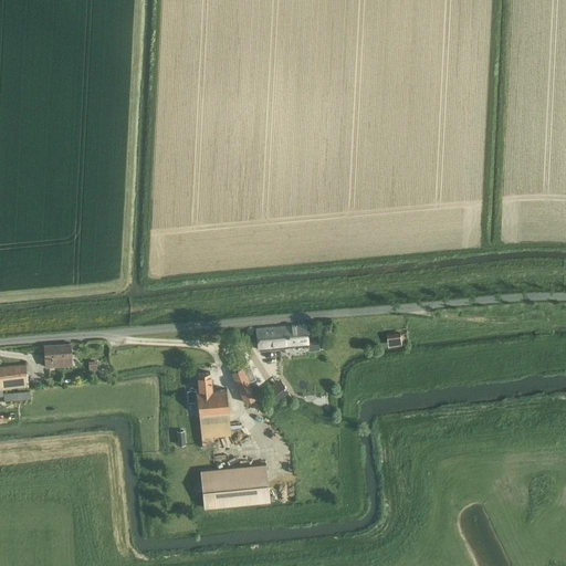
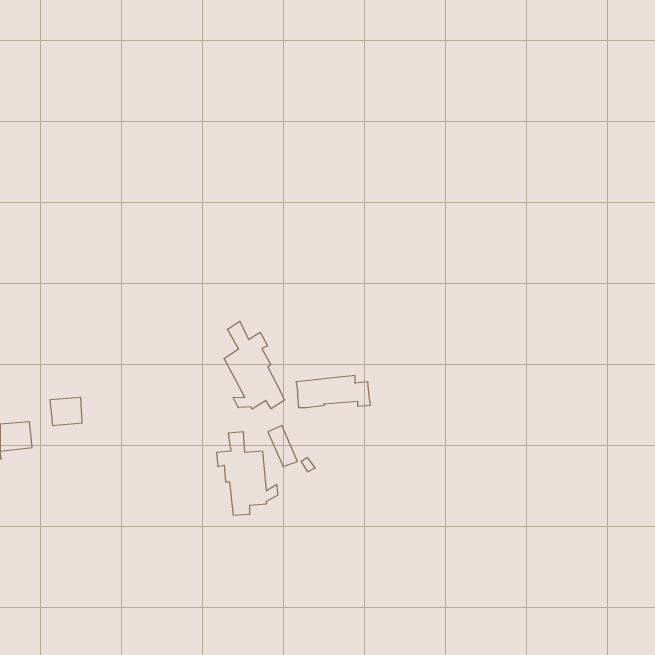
building: none -> [224,321,285,409]
building: [200,463,270,509] -> none

